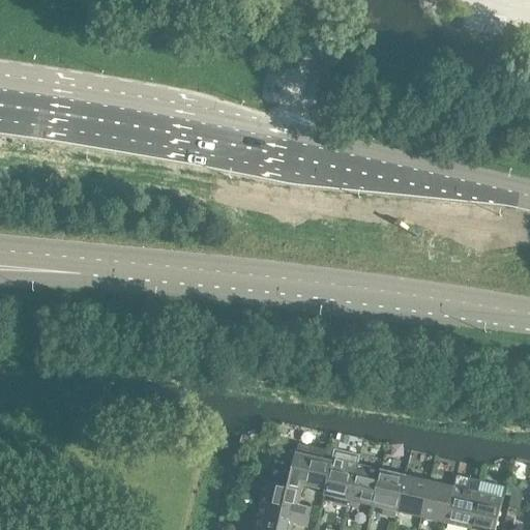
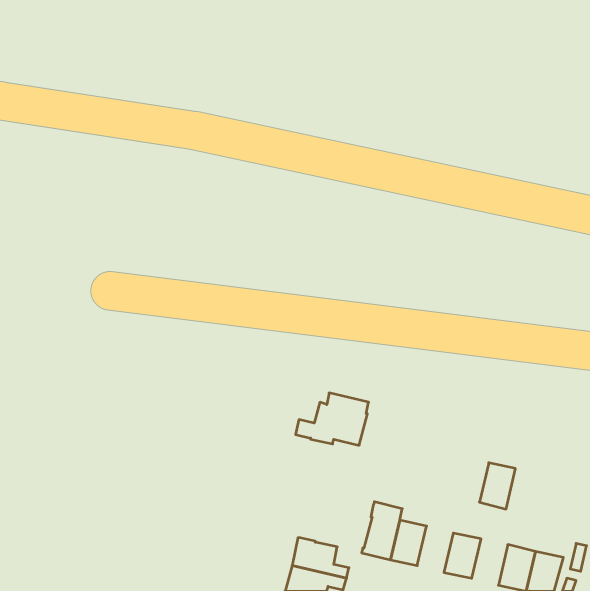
building: [270,443,335,490] -> [296,393,369,445]
building: [375,470,407,511] -> none
building: [423,481,455,523] -> [479,463,515,509]

